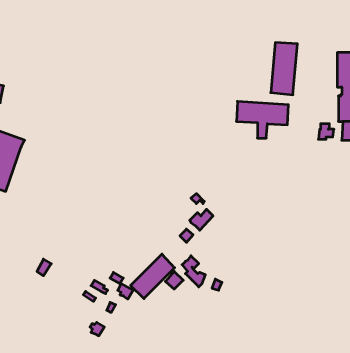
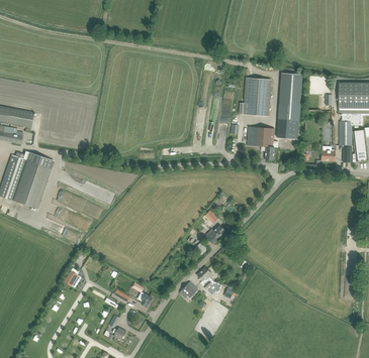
building: none -> [240,78,271,115]
building: [131,254,175,299] -> none

